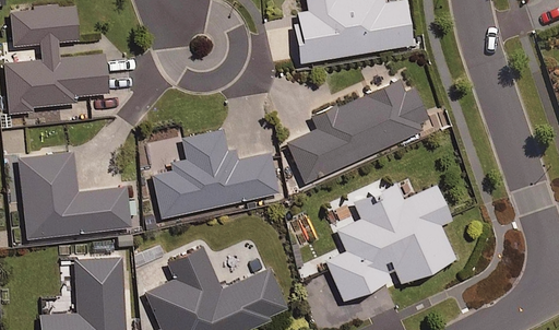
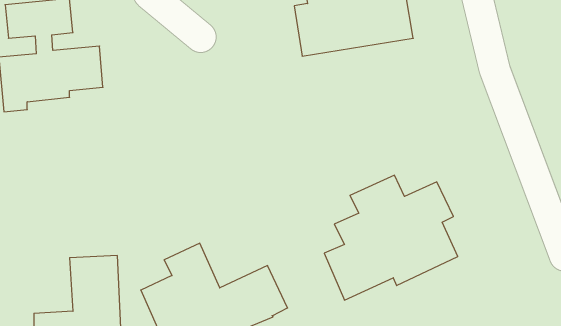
building: [288,78,428,184] -> none
building: [152,129,278,219] -> none
building: [19,154,131,239] -> none

